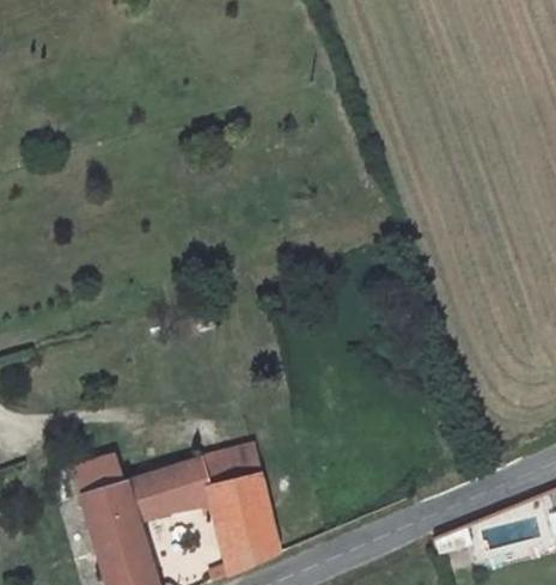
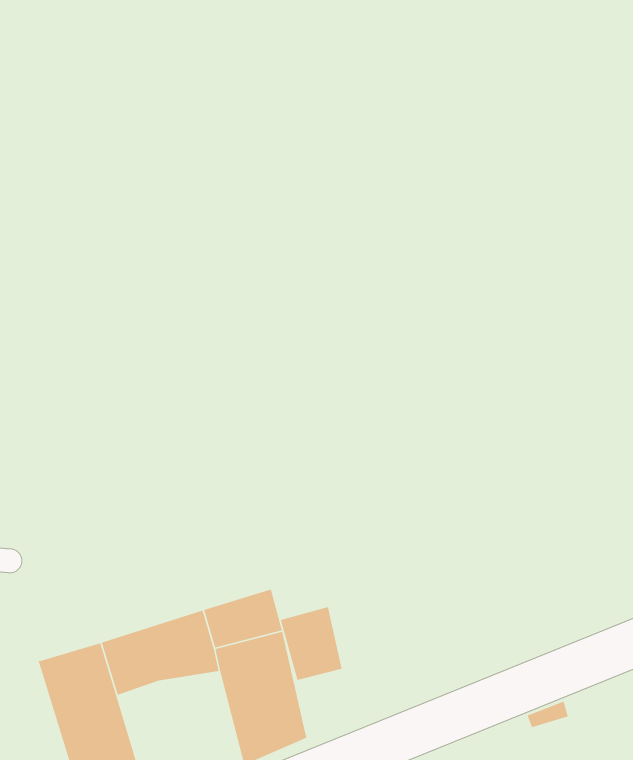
building: [75,453,123,495] -> none
building: none -> [280,606,342,681]

